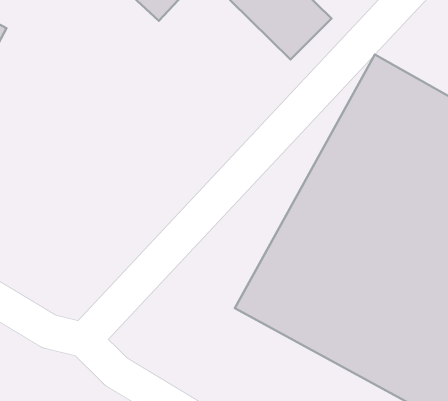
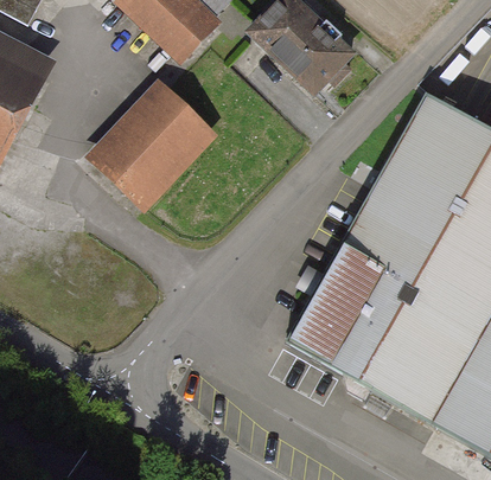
building: none -> [87,83,210,206]

